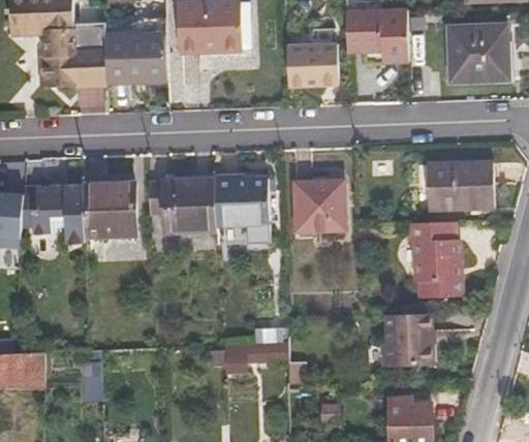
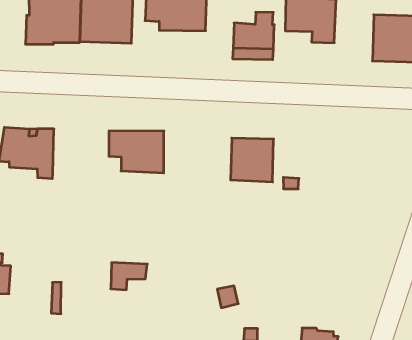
building: [428,162,493,210] -> none
building: [212,179,267,236] -> none
building: [82,183,134,238] -> none
building: [409,221,461,296] -> none
building: [382,312,432,365] -> none
building: [225,343,268,375] -> [111,263,147,290]

